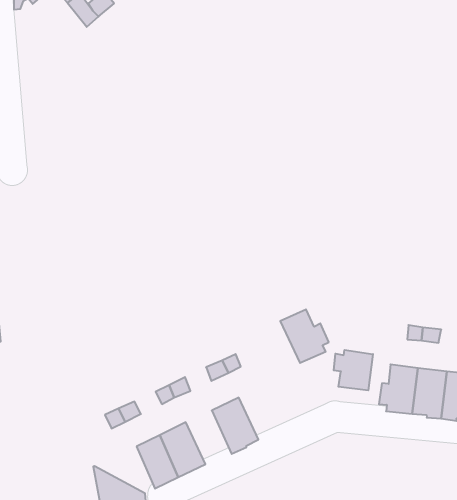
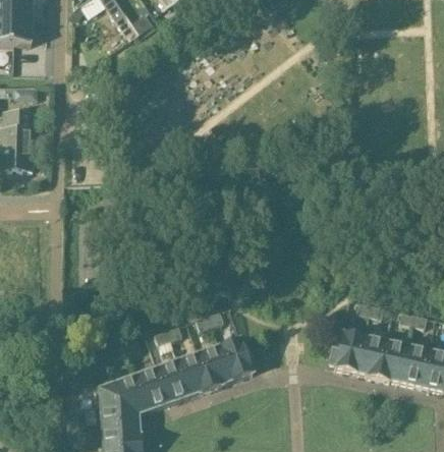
building: [280,309,329,363] -> [219,336,256,378]
building: [334,350,373,390] -> none
building: none -> [175,351,209,393]
building: none -> [100,374,146,411]

